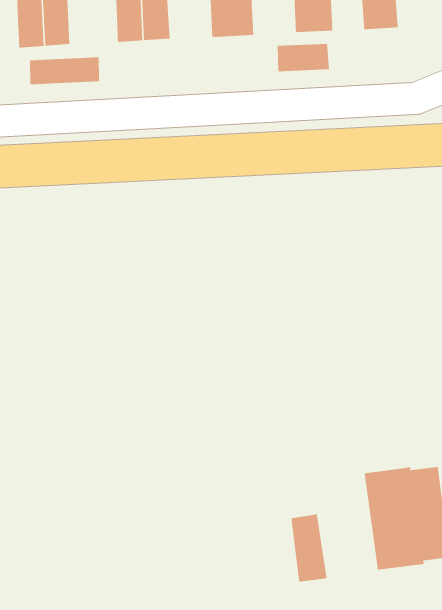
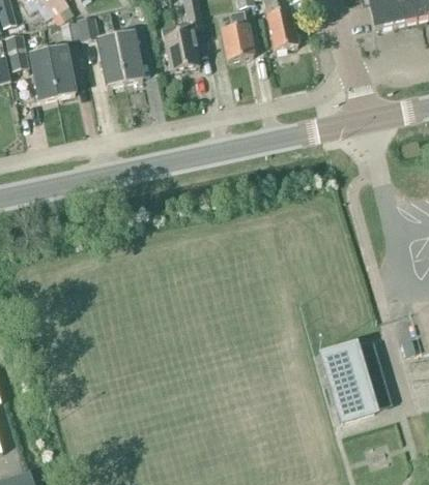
building: [277,43,329,72] -> none
building: [30,57,99,85] -> none
building: [291,513,327,582] -> none

